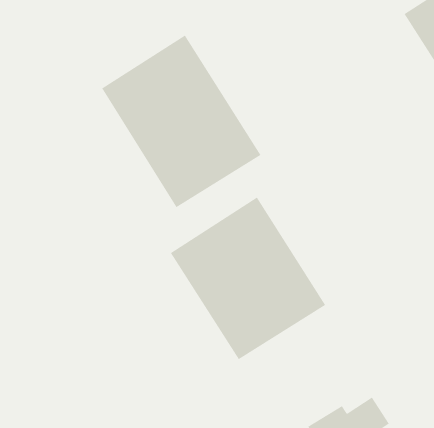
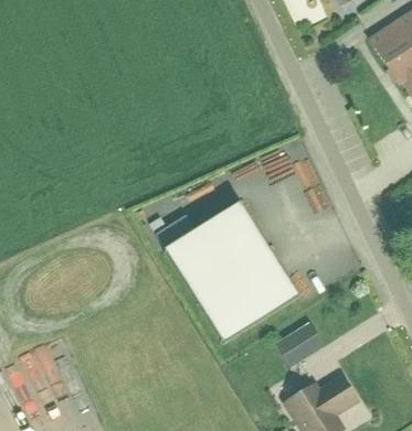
building: [101,35,262,208] -> none
building: none -> [275,323,324,367]

